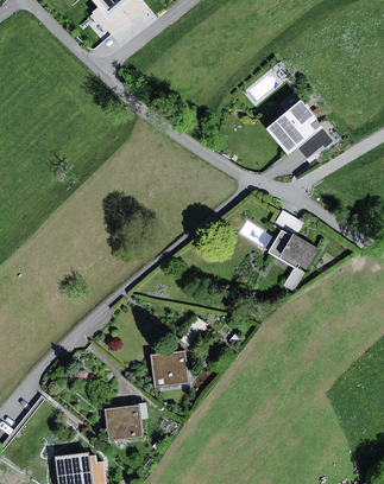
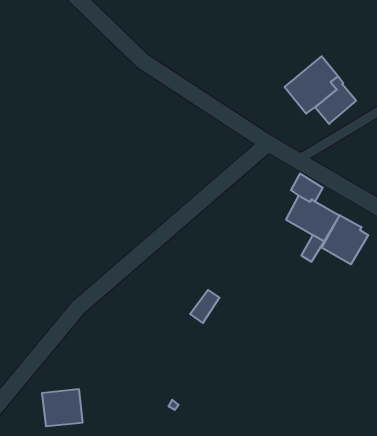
building: none -> [322,215,368,264]
building: [149,349,188,384] -> none
building: [103,403,141,438] -> [42,389,83,426]

